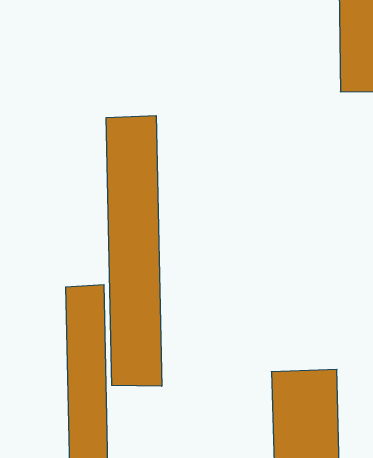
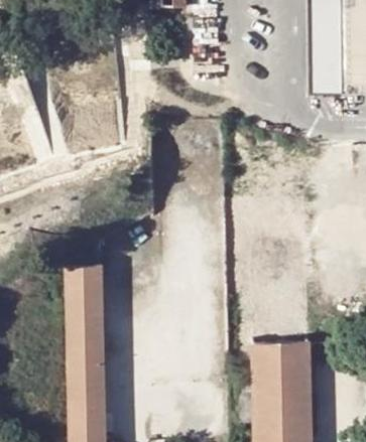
building: [106,116,162,386] -> none

